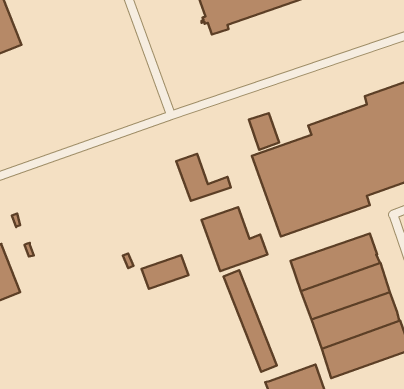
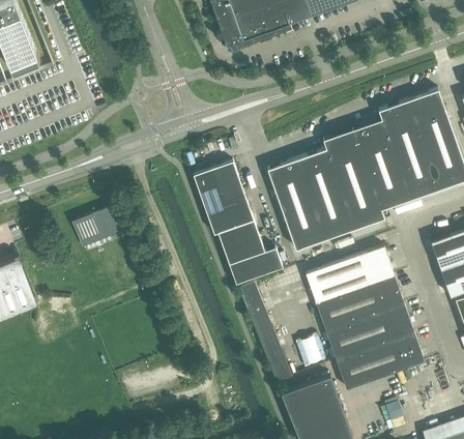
building: [249,113,279,150] -> [213,162,243,198]
building: none -> [74,207,122,247]
building: [141,255,189,289] -> [207,201,254,234]

